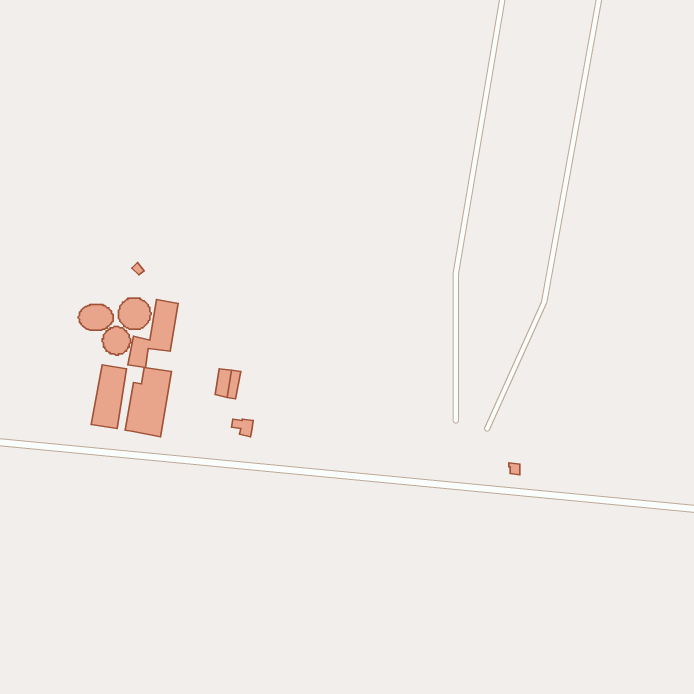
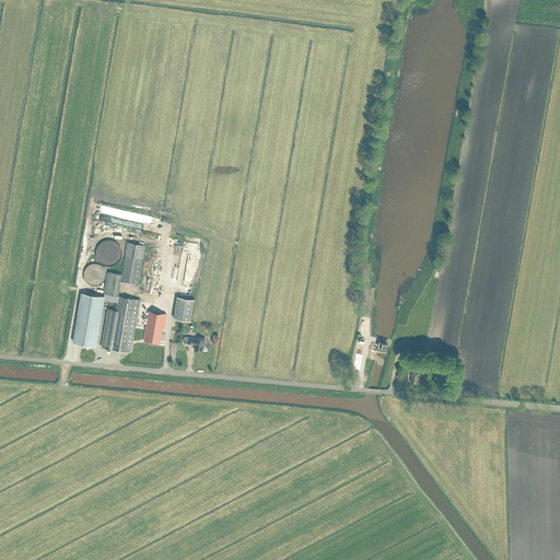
building: [78,304,113,330] -> none
building: none -> [142,311,165,345]

